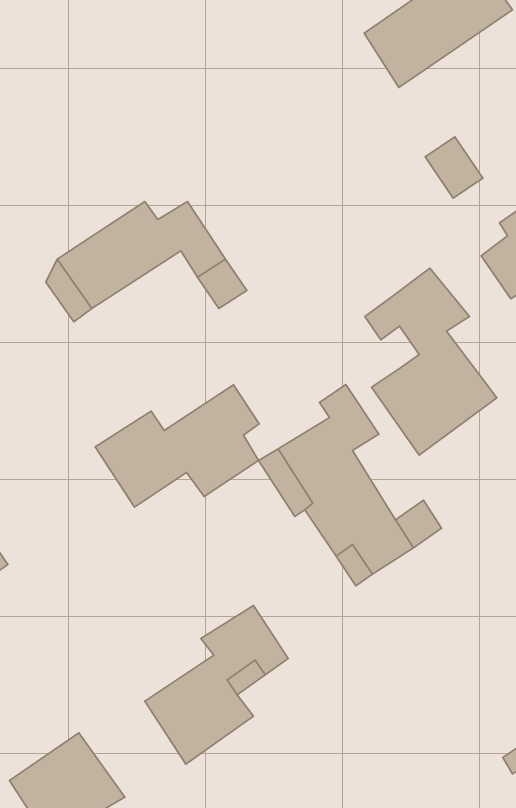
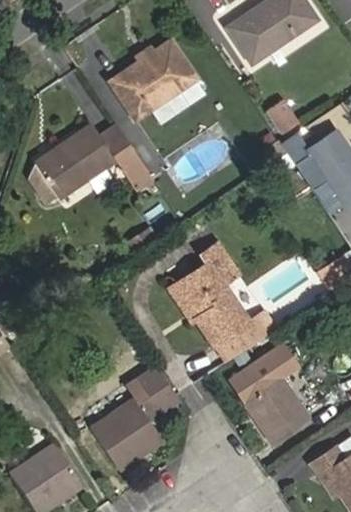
building: none -> [113,39,201,120]
building: [365,268,497,455] -> none
building: [95,385,259,507] -> none
building: none -> [229,347,306,443]

